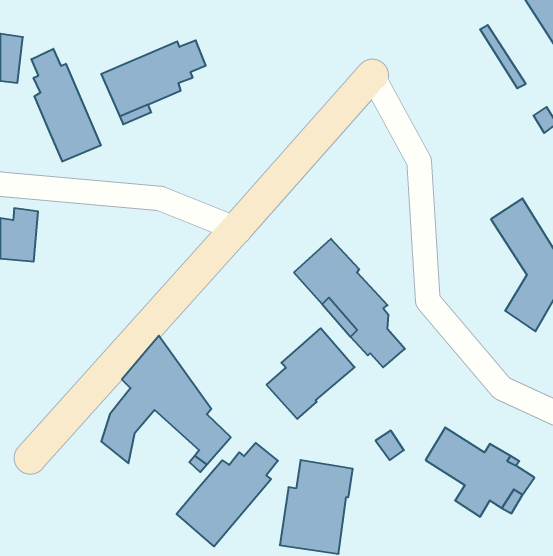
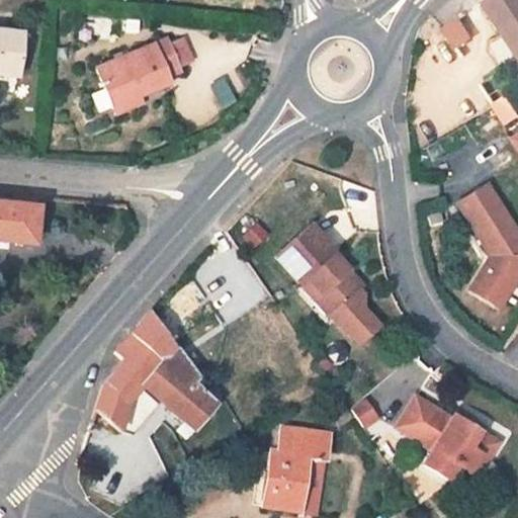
building: [31,49,101,162] -> none
building: [267,328,355,419] -> none
building: [177,443,278,546] -> none

